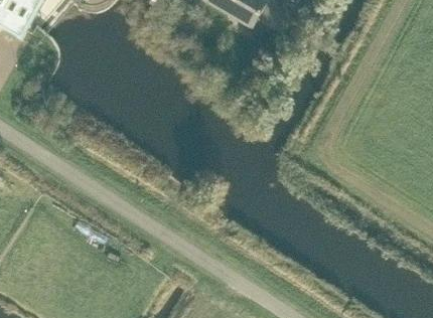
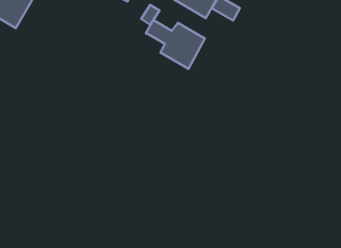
building: none -> [146,20,205,69]

